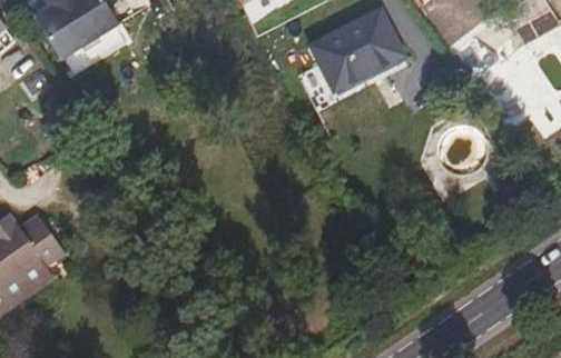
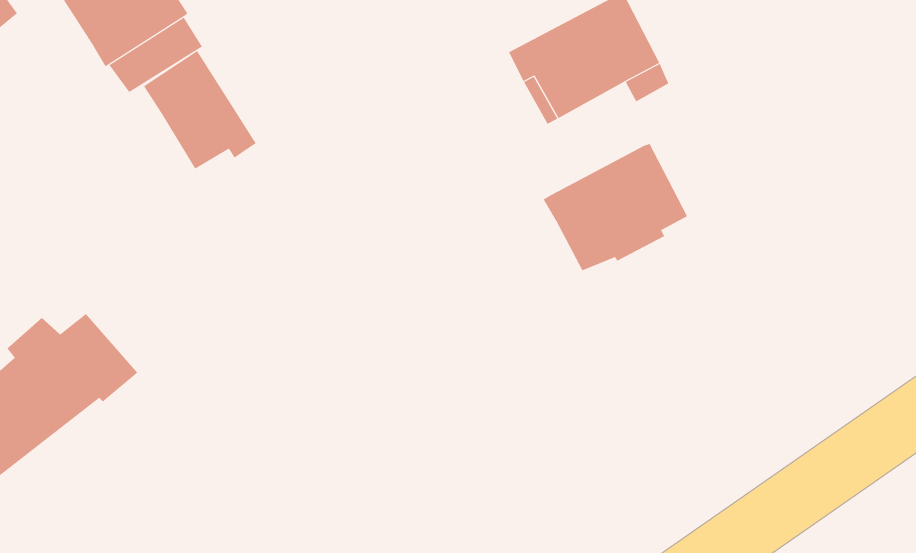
building: none -> [143,50,256,170]
building: none -> [543,143,688,271]

